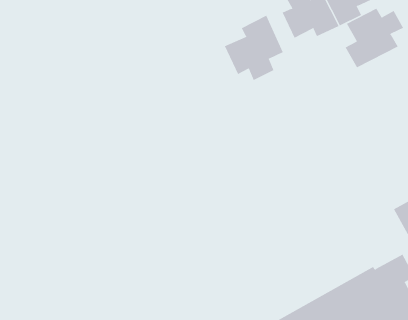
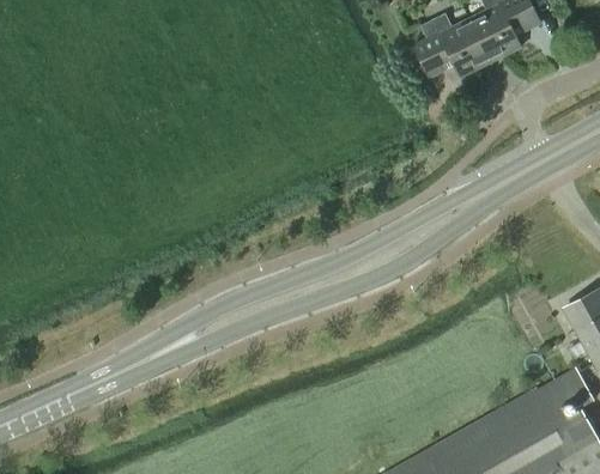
building: [345,8,404,68] -> none
building: [224,15,283,81] -> none

